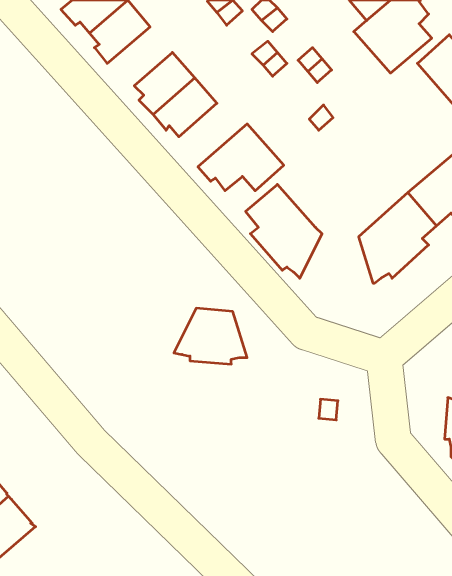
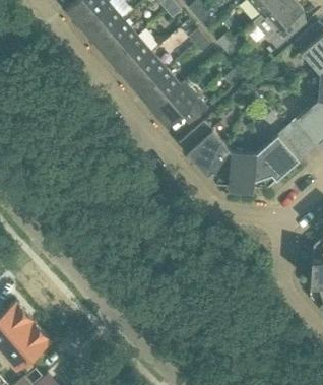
building: none -> [95,20,137,58]
building: none -> [141,69,185,110]
building: [174,308,247,364] -> [218,152,265,188]

